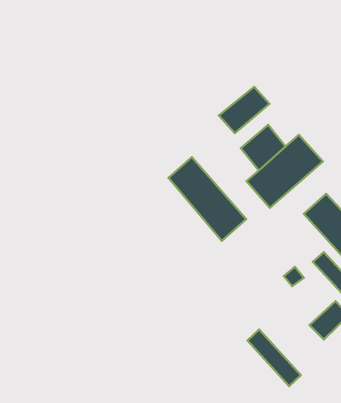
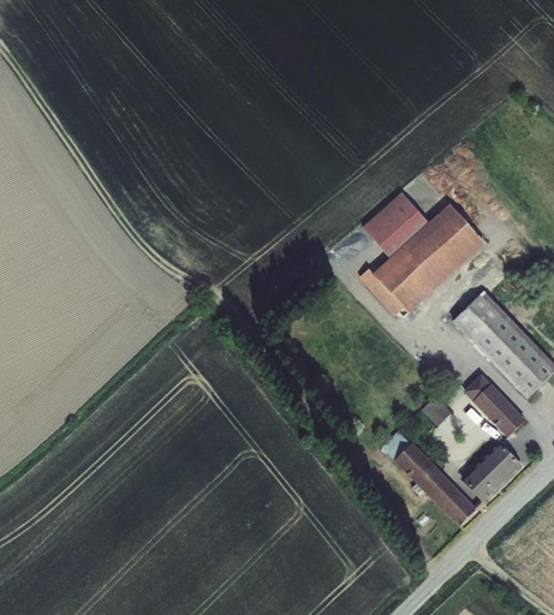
building: [219,87,270,133] -> none
building: [168,157,246,241] -> none
building: [248,330,301,386] -> [398,444,475,526]

